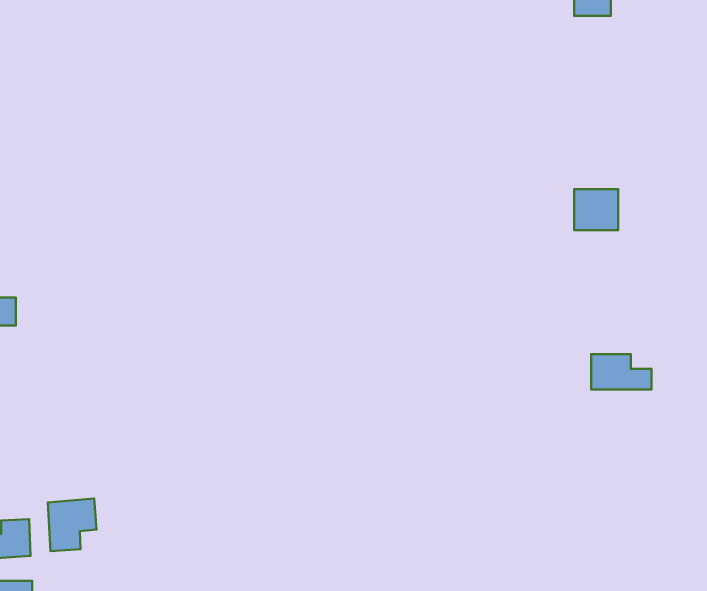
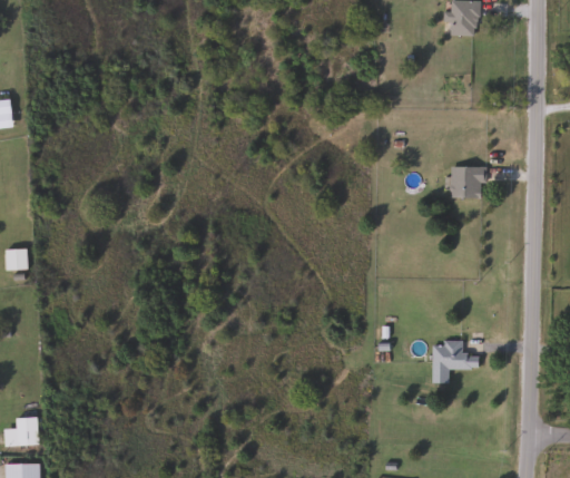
building: [591,354,651,390] -> [433,343,479,370]
building: [48,499,96,551] -> none

